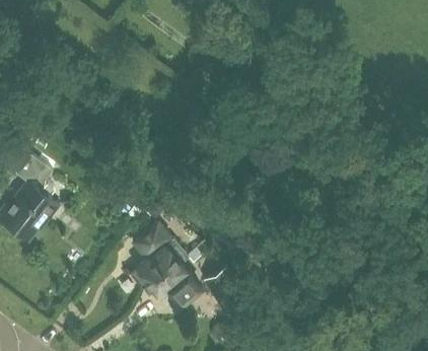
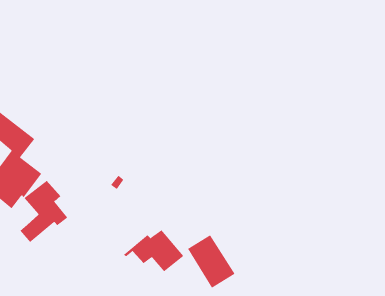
building: [128,225,176,288] -> [20,180,68,243]

